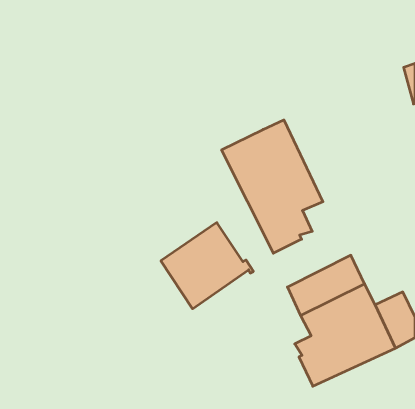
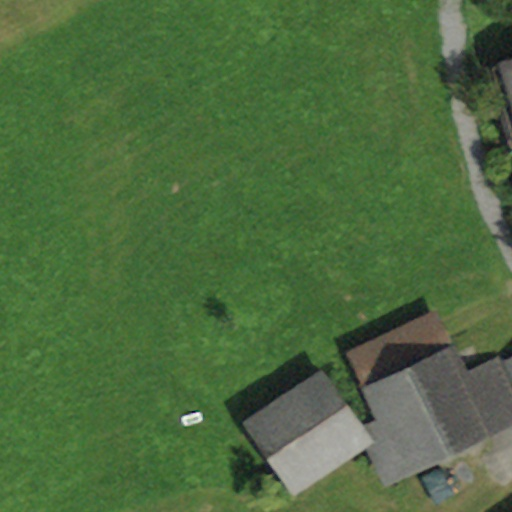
building: [222,120,323,253] -> none
building: [161,223,253,309] -> [258,385,372,491]

